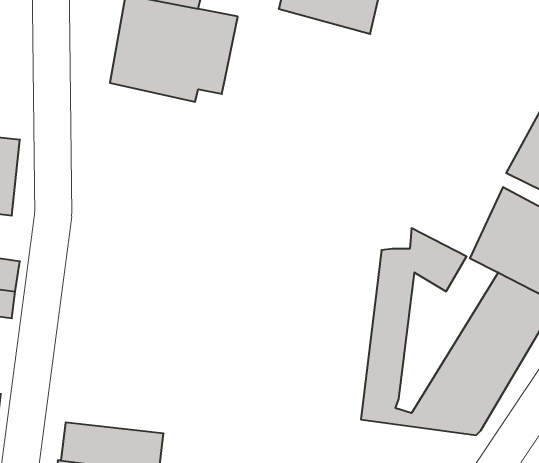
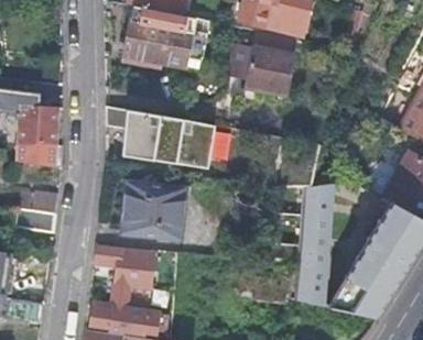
building: none -> [226,31,295,96]
building: none -> [110,106,219,167]
building: none -> [120,180,184,238]
building: none -> [91,250,154,288]

